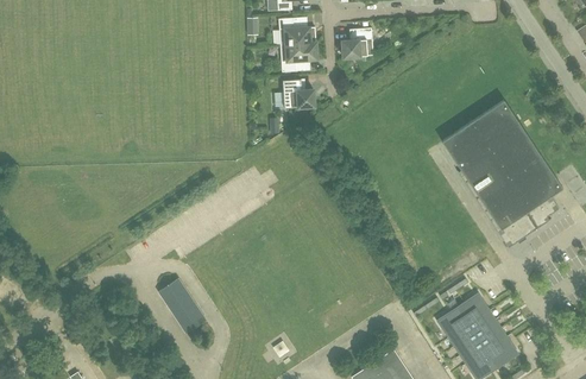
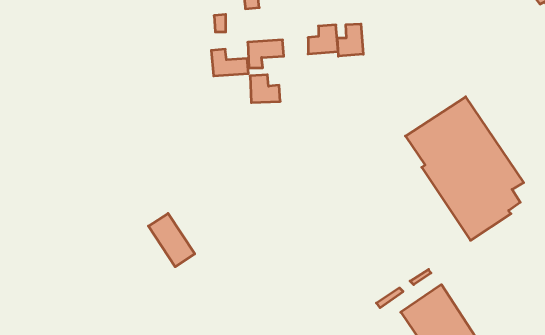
building: [278,18,316,45] -> [211,49,248,76]
building: none -> [337,24,363,56]
building: [159,279,207,334] -> [148,213,195,267]

